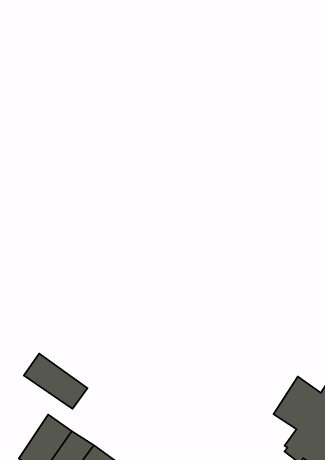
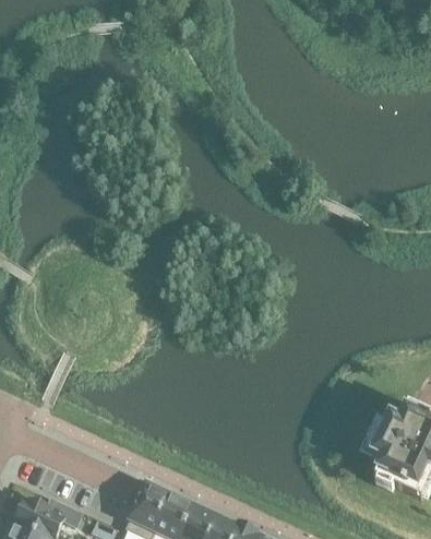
building: [24,353,88,409] -> none

